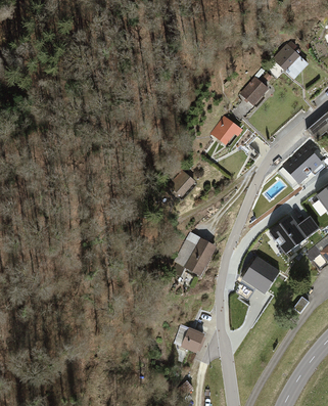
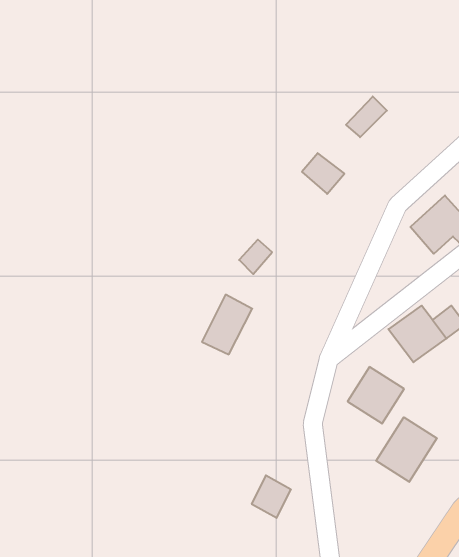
building: [276,48,307,79] -> none
building: [181,237,214,276] -> [202,295,252,354]
building: none -> [376,417,437,482]

